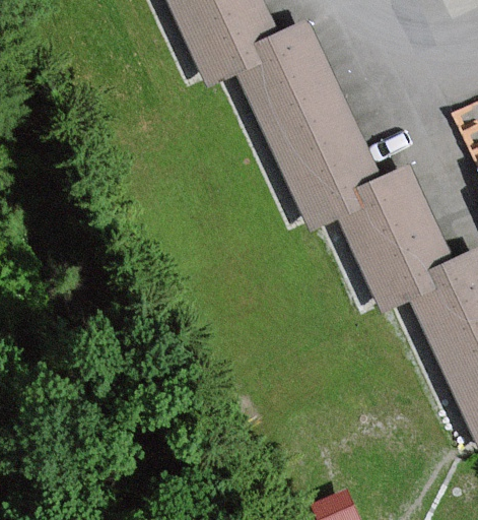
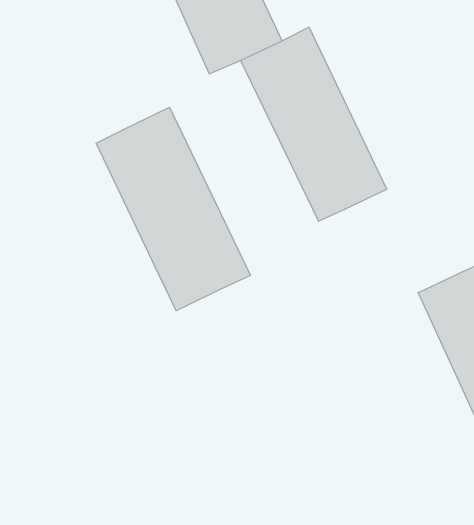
building: none -> [96,107,250,311]
building: [342,174,456,303] -> none

